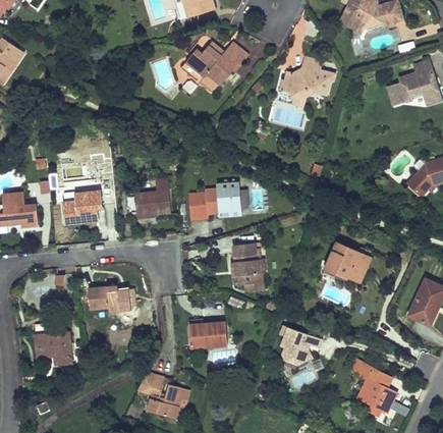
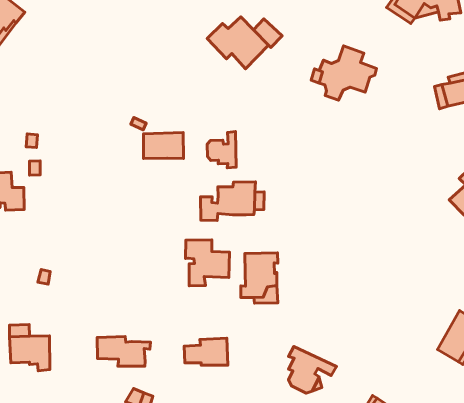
building: none -> [207,131,236,168]
building: [63,191,102,224] -> none
building: [133,191,170,216] -> [143,133,183,158]
building: none -> [186,240,230,286]
building: [325,243,370,281] -> none
building: [88,286,134,313] -> [97,336,150,366]

